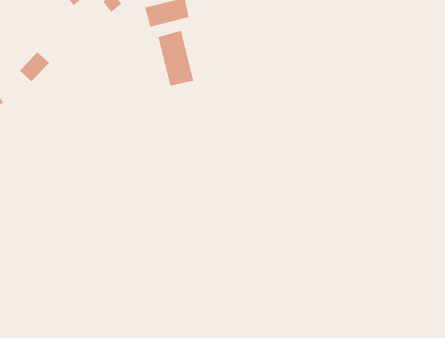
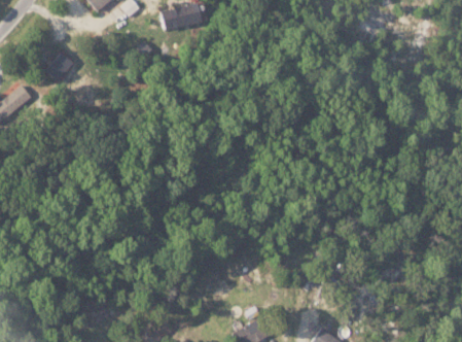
building: [158,30,194,87] -> none

